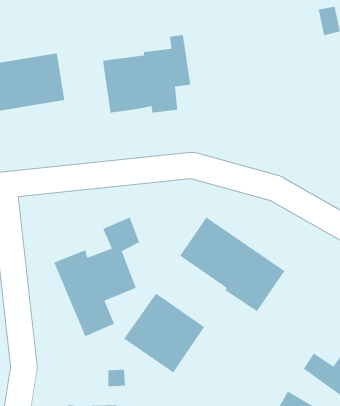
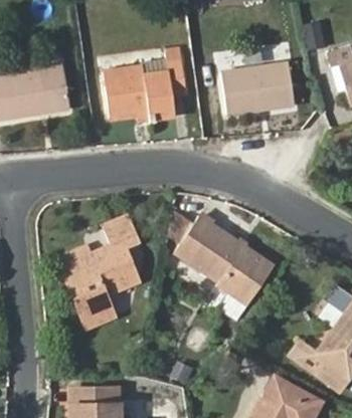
building: none -> [222,61,295,115]
building: [123,293,205,373] -> none

